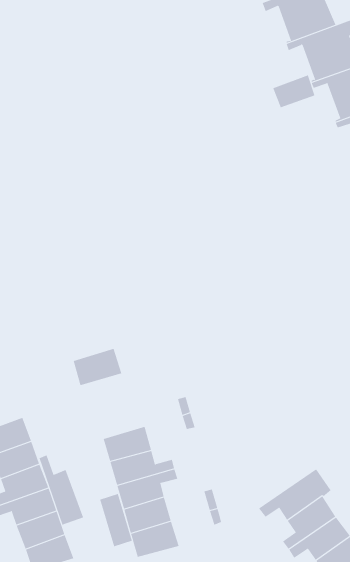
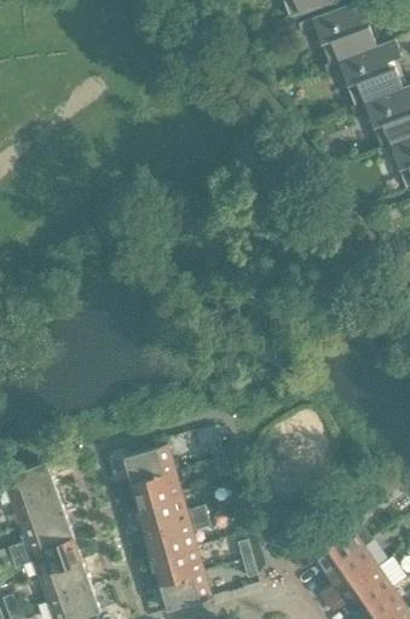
building: [273,75,315,108] -> none
building: [73,348,122,386] -> [123,445,175,485]
building: [39,455,84,525] -> none
building: [100,493,132,547] -> none

